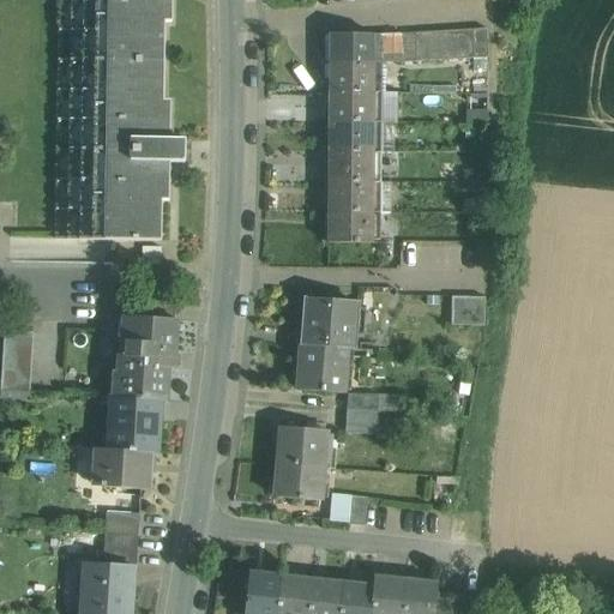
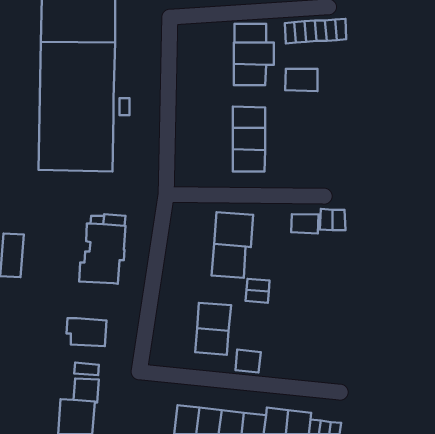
building: [329,120,374,151] -> [285,69,317,91]
building: none -> [291,214,319,233]
building: [109,396,161,451] -> none

